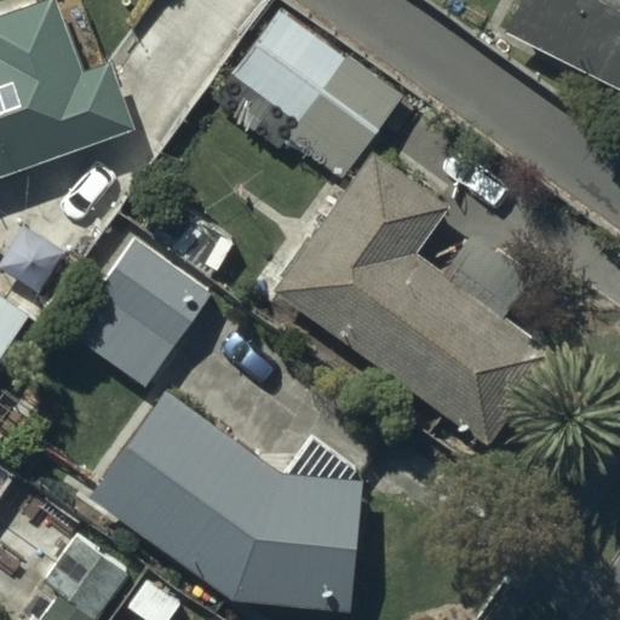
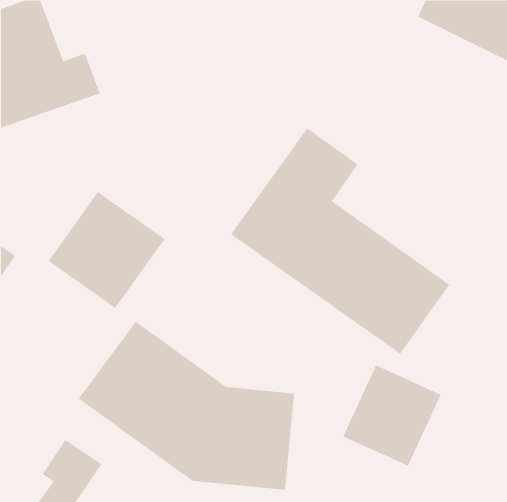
building: [222,16,392,162] -> none
building: none -> [342,365,441,467]

